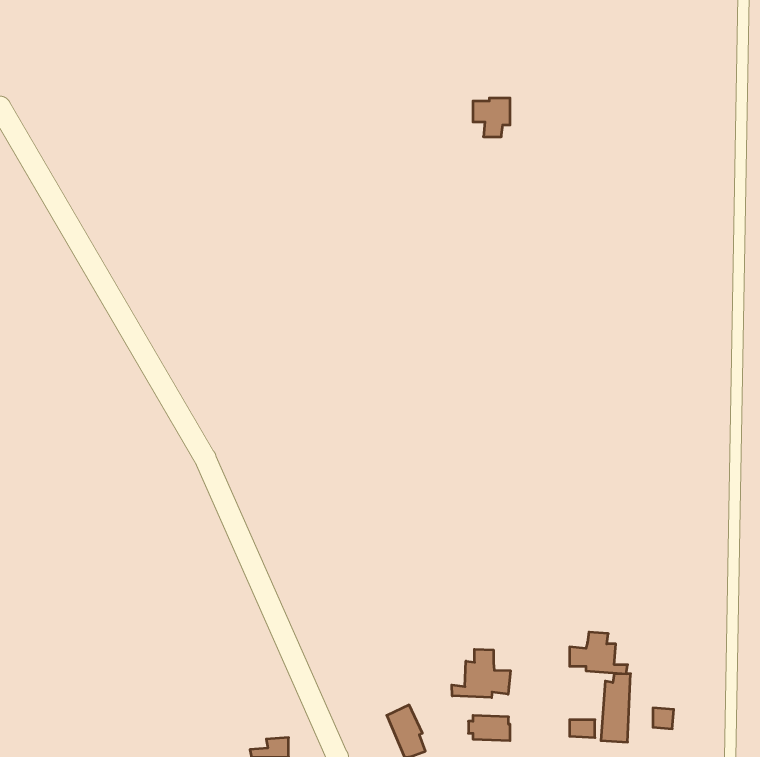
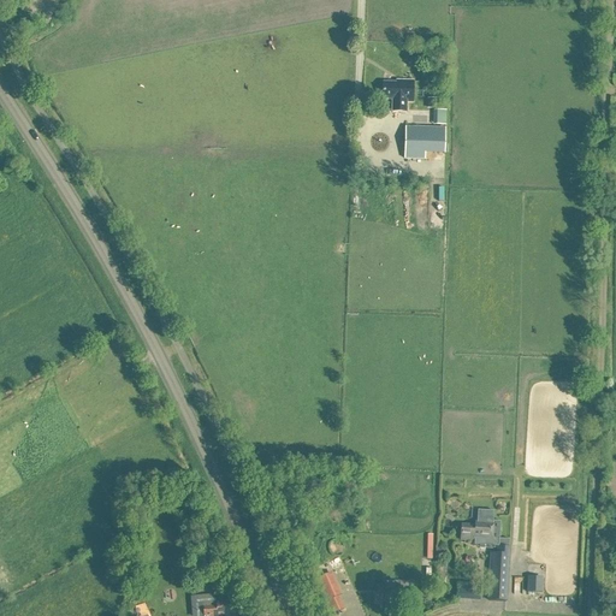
building: none -> [404,125,445,159]
building: [452,649,510,698] -> none

